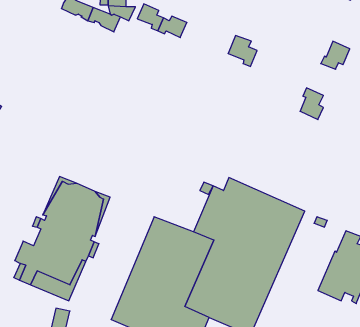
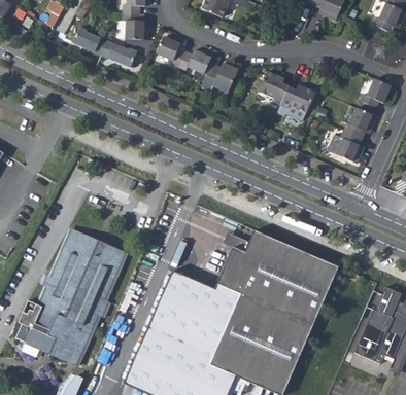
building: none -> [200,63,246,94]
building: none -> [275,86,313,122]
building: none -> [341,108,375,138]

